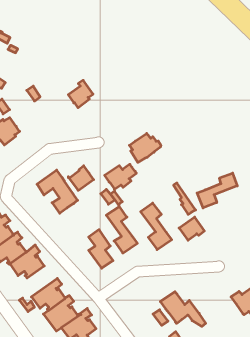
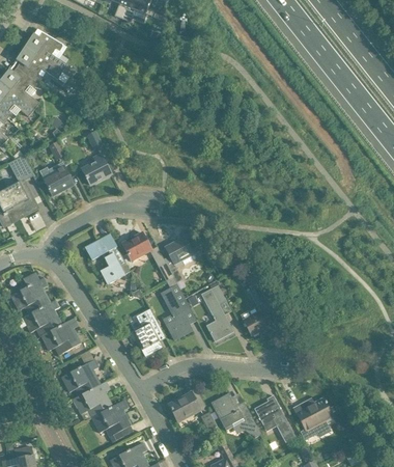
building: [68,80,93,108] -> [80,154,109,185]
building: [129,133,161,162] -> none
building: [197,173,237,208] -> none
building: none -> [253,394,294,441]
building: none -> [167,391,199,421]

